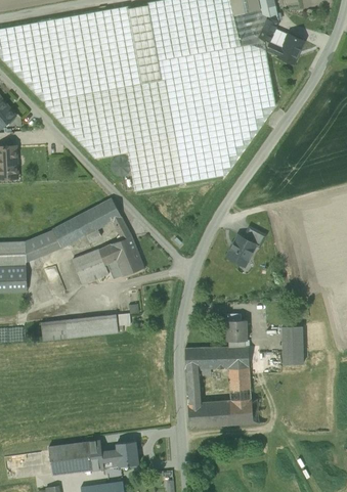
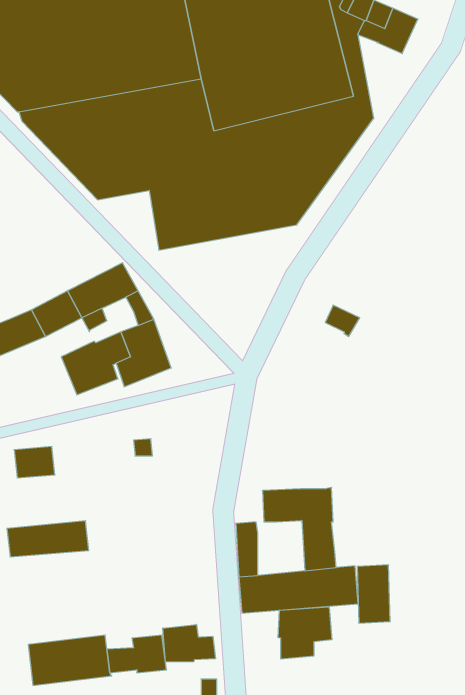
building: [226,235,256,266] -> none
building: [66,314,119,338] -> [7,521,89,557]
building: [224,319,246,340] -> none
building: [281,326,303,364] -> [357,565,390,623]
building: [184,348,204,369] -> none
building: none -> [278,607,332,659]
building: none -> [163,624,215,662]

